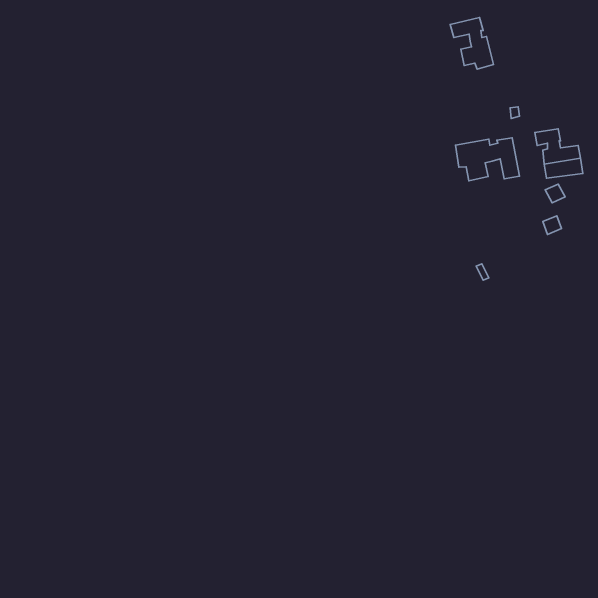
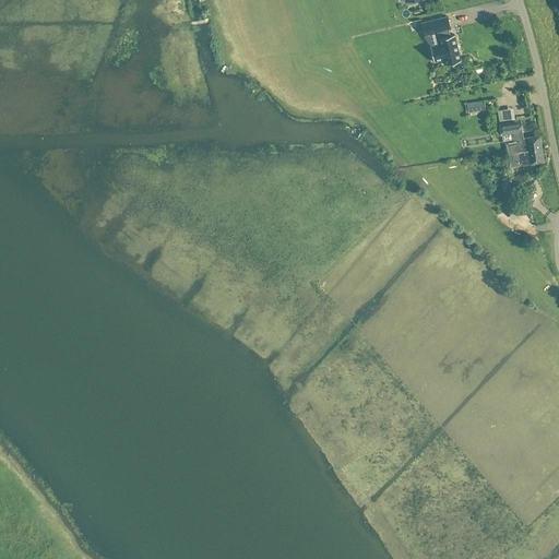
building: [455,138,520,181] -> none

